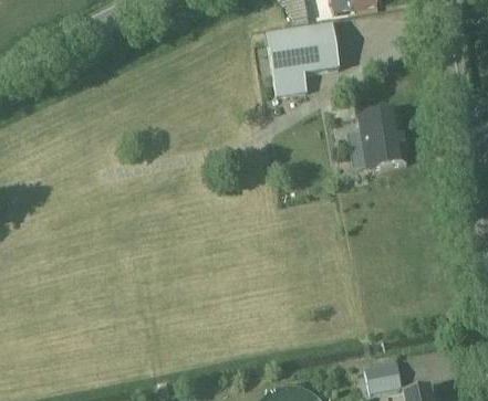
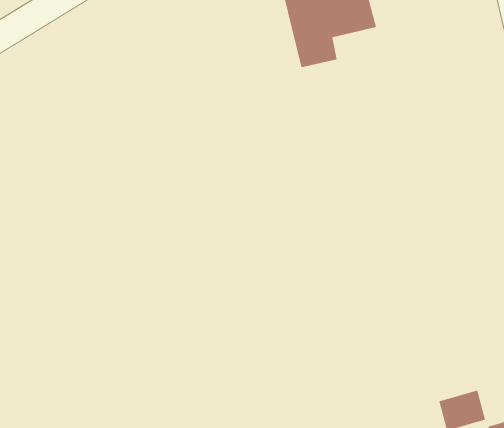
building: [357,109,404,167] -> none

